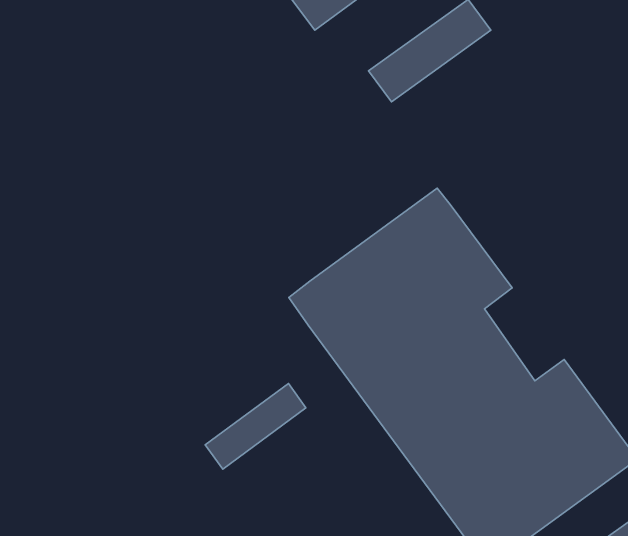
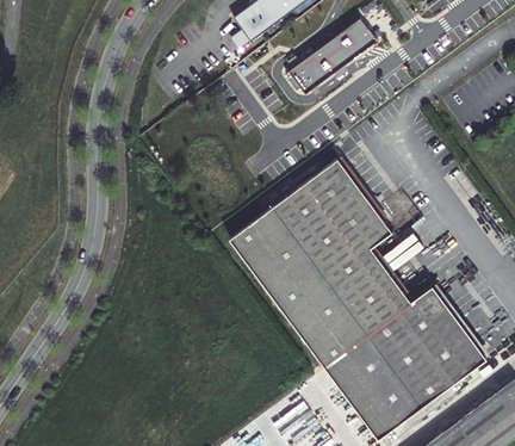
building: [205,383,306,469] -> none

